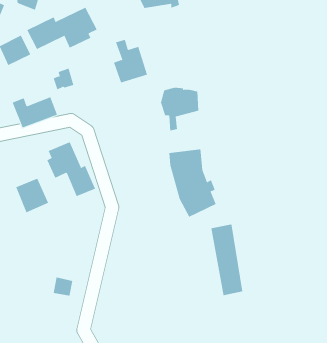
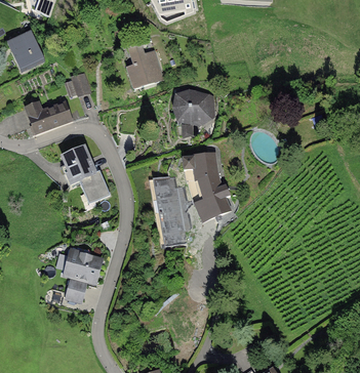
building: [27,7,98,50] -> none
building: [15,178,49,213] -> none
building: [211,224,243,296] -> [153,173,186,245]
building: none -> [64,250,105,283]

